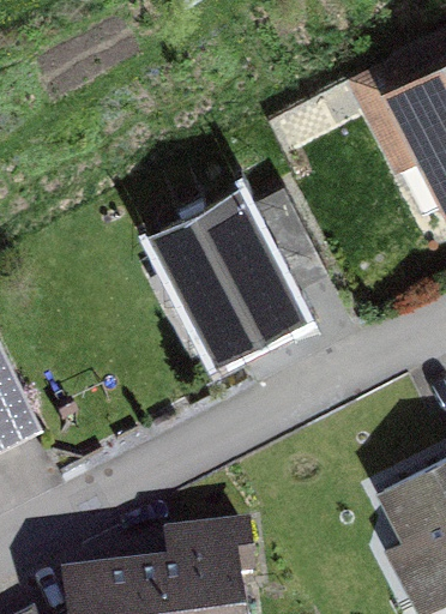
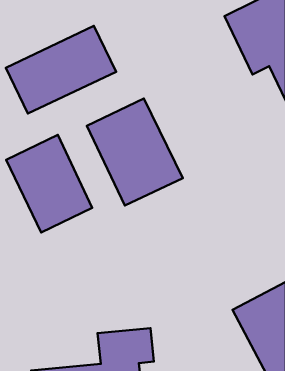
building: none -> [6,26,116,113]
building: none -> [6,135,92,233]

